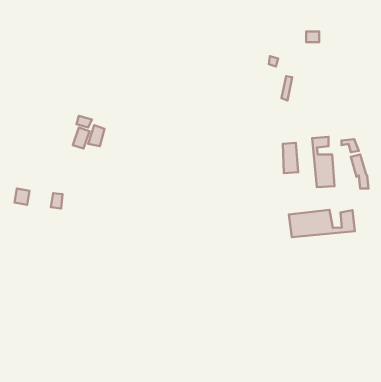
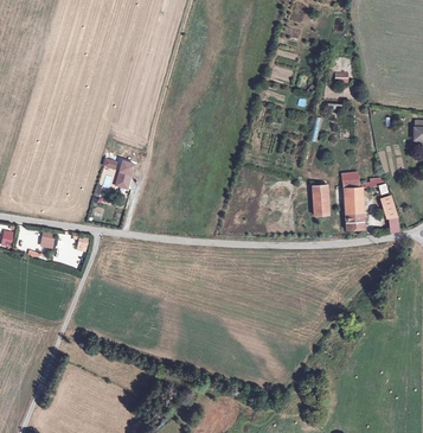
building: [289,210,355,237] -> none

